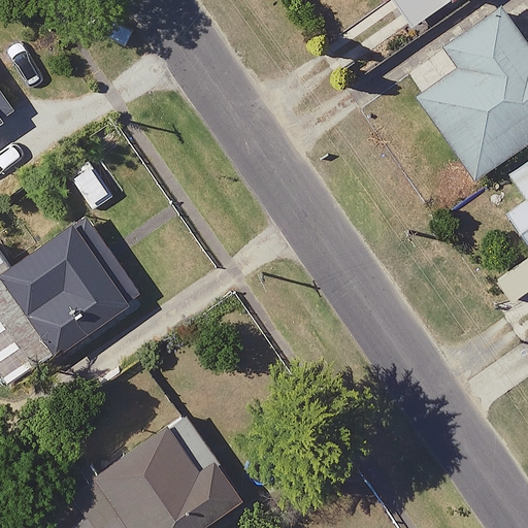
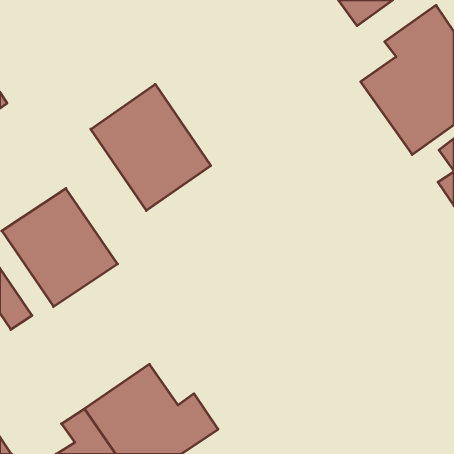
building: none -> [91,84,211,211]

